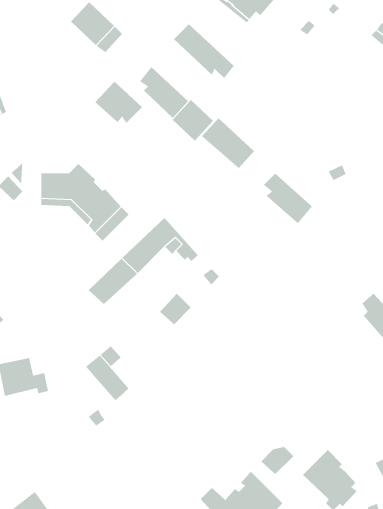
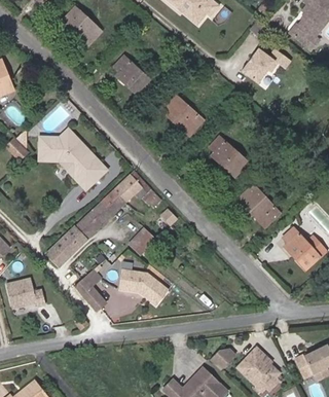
building: [173,24,234,79] -> none
building: none -> [242,47,292,82]
building: [94,81,143,124] -> none
building: [172,99,214,141] -> none
building: none -> [240,185,280,226]
building: none -> [46,226,87,266]
building: none -> [119,269,169,304]

